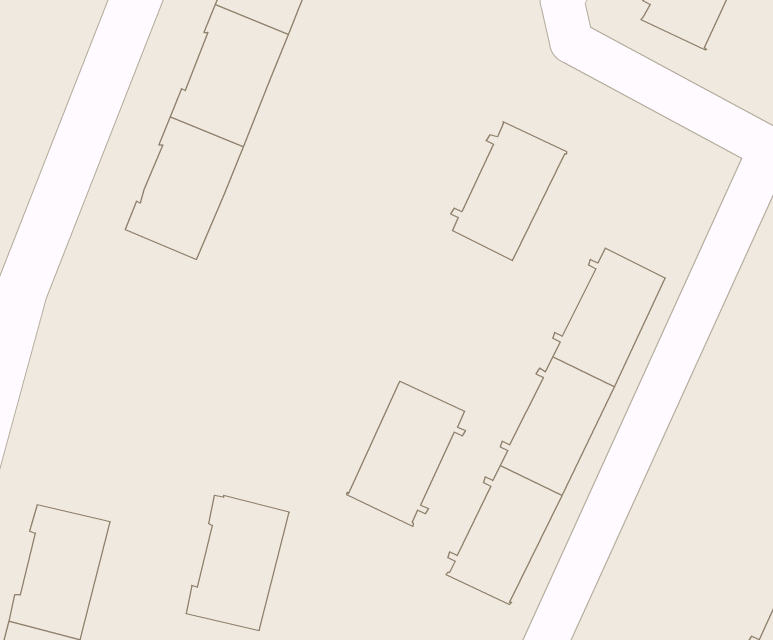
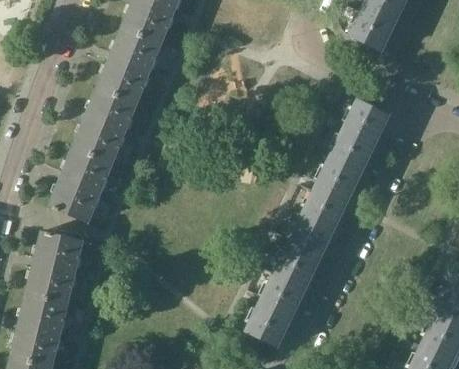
building: [451,122,567,261] -> [328,99,390,173]
building: none -> [48,147,111,223]
building: [347,381,465,526] -> none
building: [186,495,289,630] -> [26,231,81,303]

